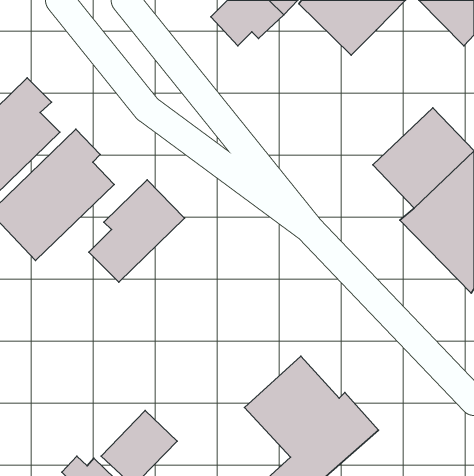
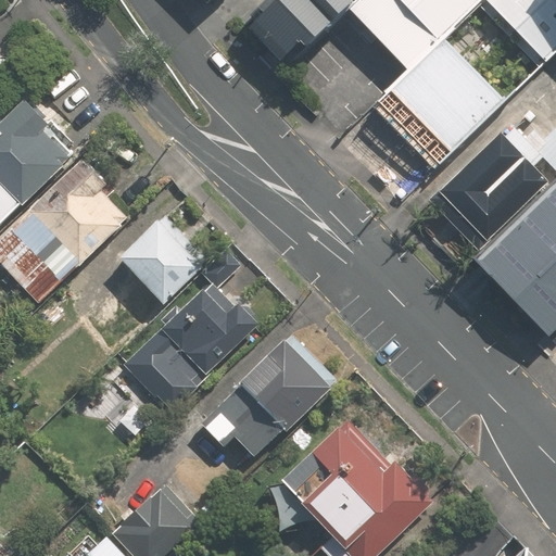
building: none -> [383,38,496,151]
building: none -> [126,252,264,412]
building: none -> [203,329,344,458]

